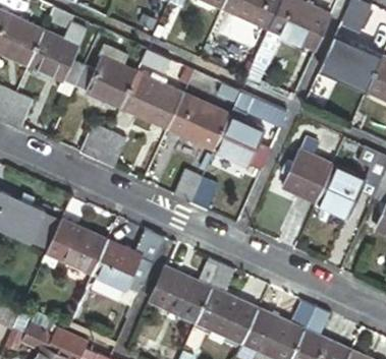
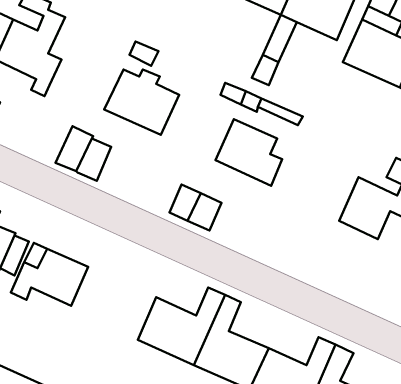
building: [74,48,136,109] -> none
building: [168,97,229,152] -> none
building: [285,139,334,202] -> none
building: [93,230,164,294] -> none

